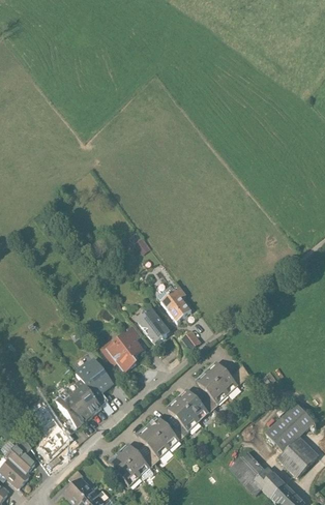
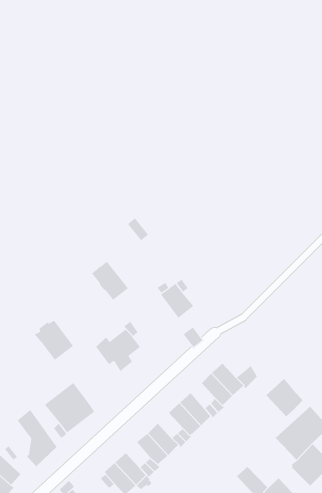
building: [136,306,170,343] -> [91,261,129,301]
building: [76,359,112,396] -> [34,320,74,361]
building: none -> [265,378,304,417]

